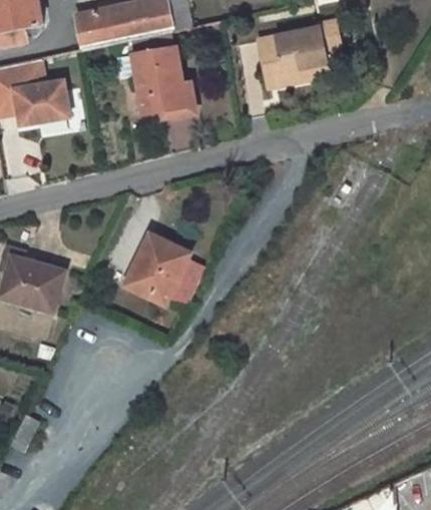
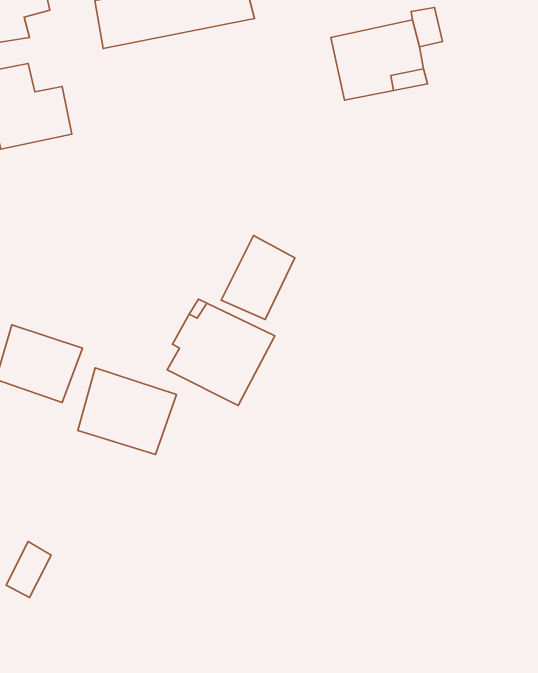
building: [127,47,181,111] -> none
building: none -> [221,236,295,320]
building: none -> [78,368,177,454]

